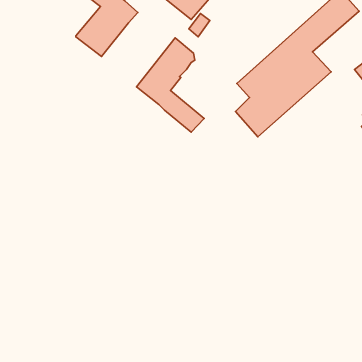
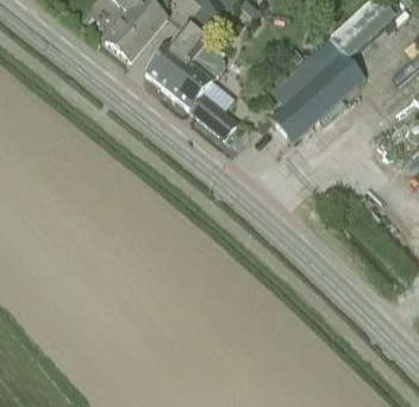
building: none -> [146,21,212,93]

